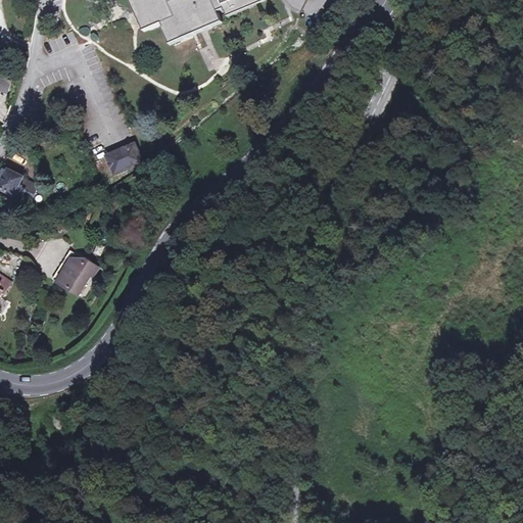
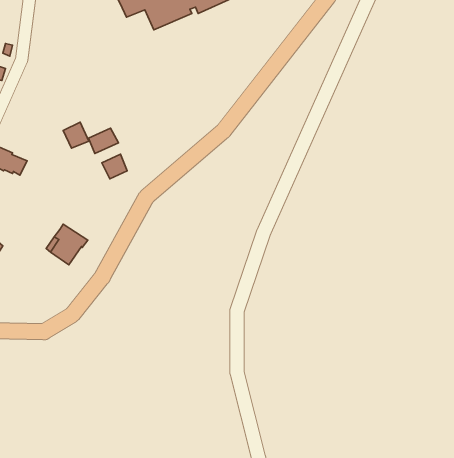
building: none -> [63,122,89,148]
building: none -> [102,154,127,179]

